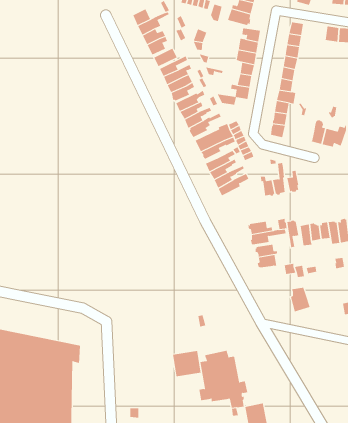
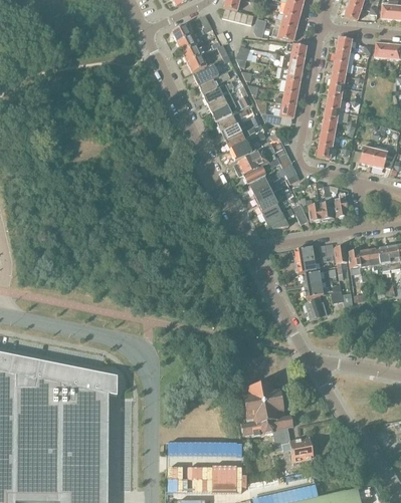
building: none -> [265,203,309,228]
building: [290,287,310,312] -> [306,293,327,319]
building: [173,350,201,377] -> none

